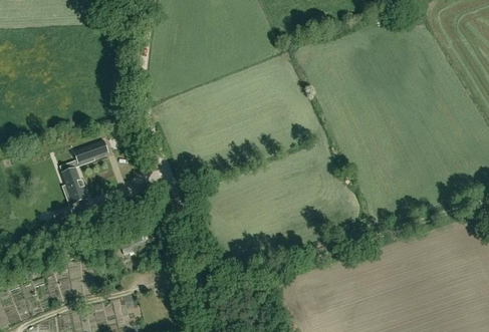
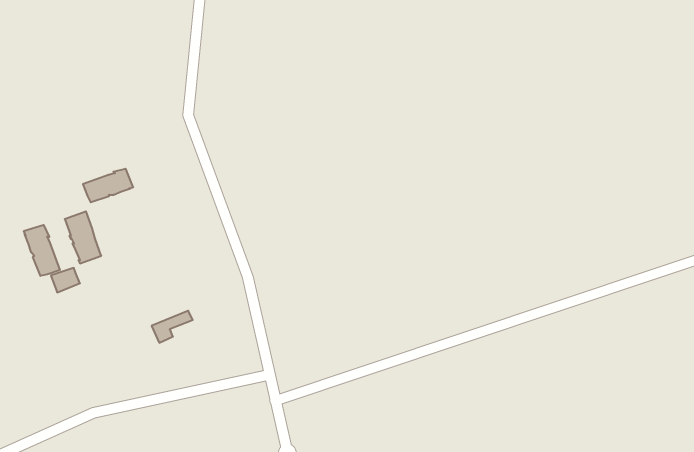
building: none -> [24,225,60,276]

